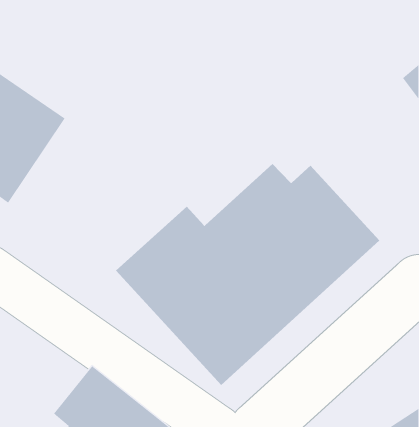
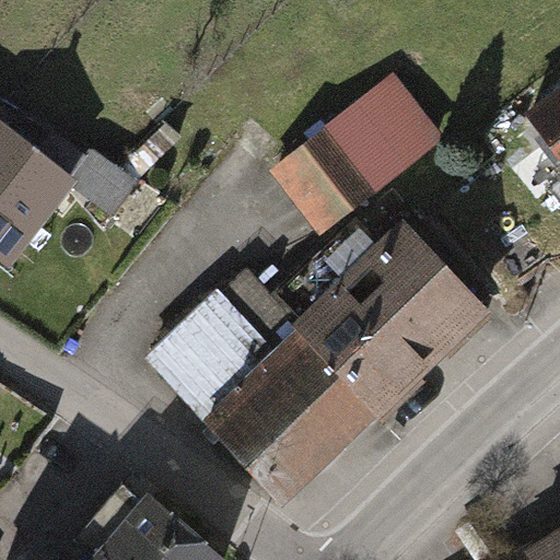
building: none -> [267,80,433,233]

